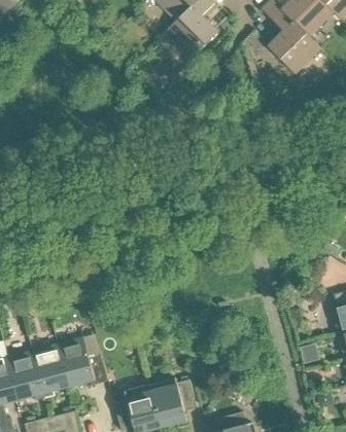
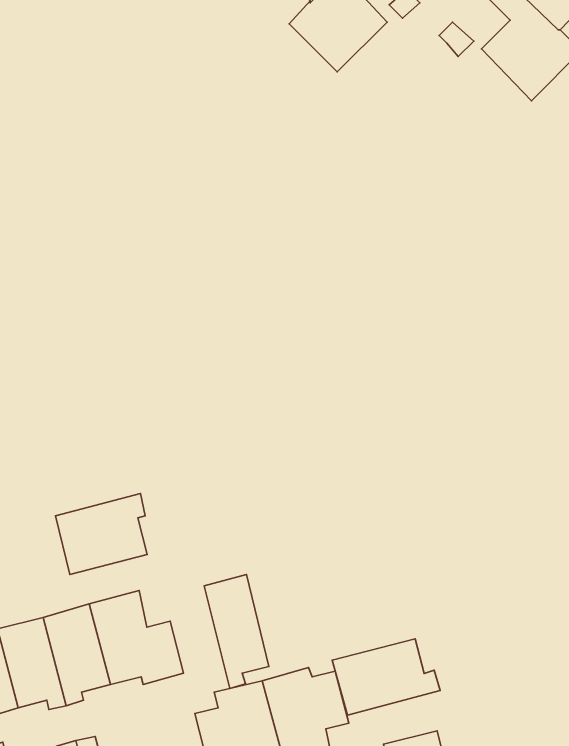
building: none -> [56,493,147,575]
building: none -> [204,575,269,689]
building: none -> [332,639,440,715]

